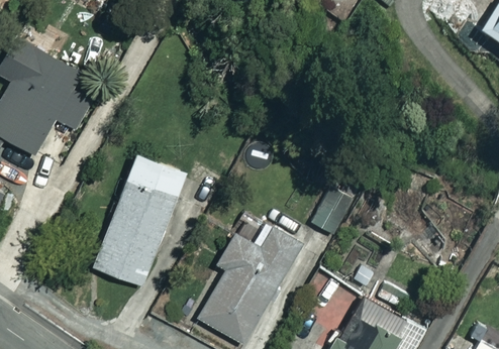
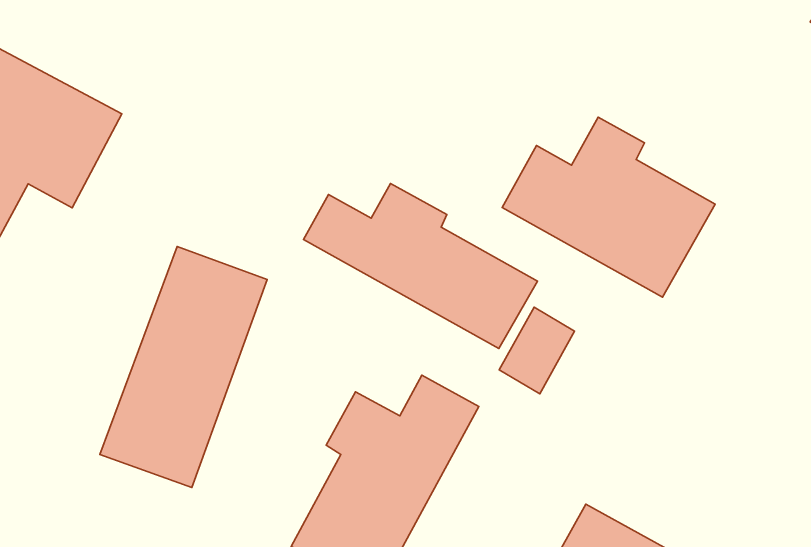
building: none -> [502,117,715,297]
building: none -> [304,183,538,349]

